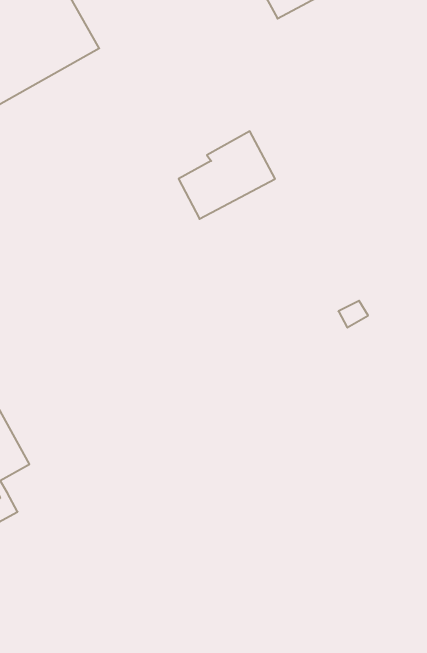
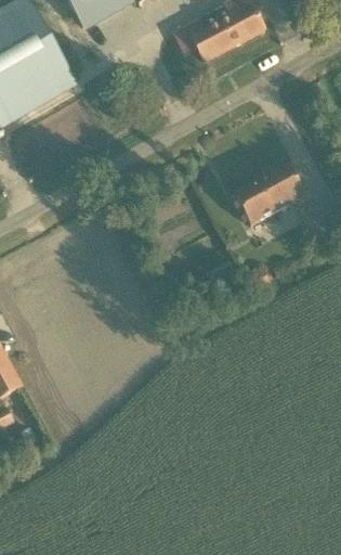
building: [179,131,275,219] -> [234,158,304,222]

